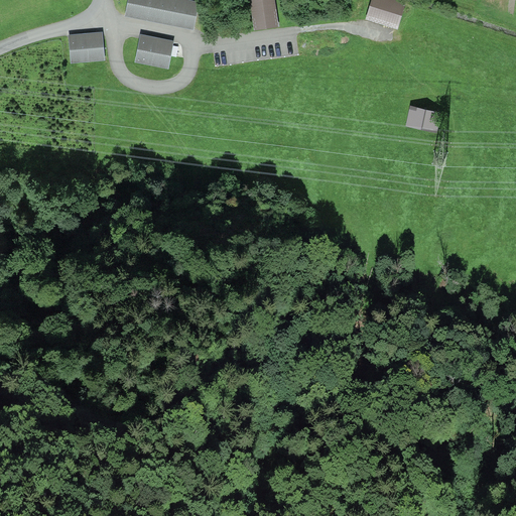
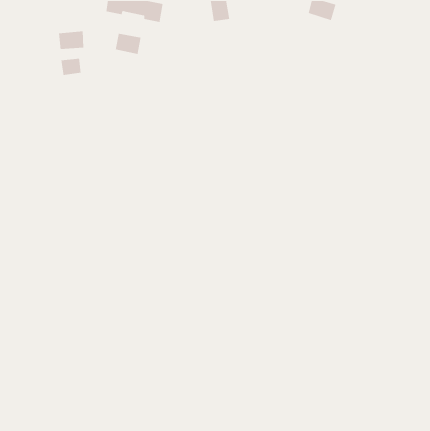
building: none -> [60,58,81,76]
building: [406,107,438,131] -> none

